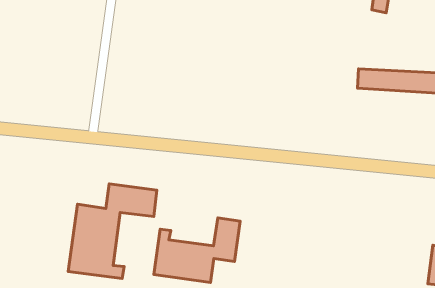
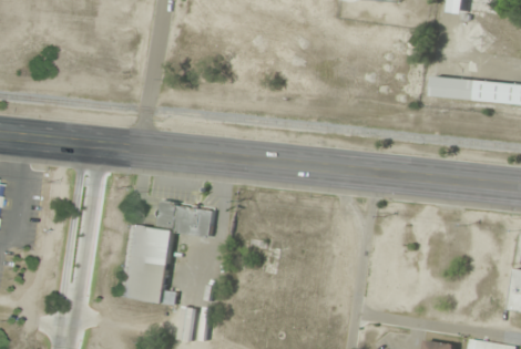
building: [154,218,240,282] -> none

